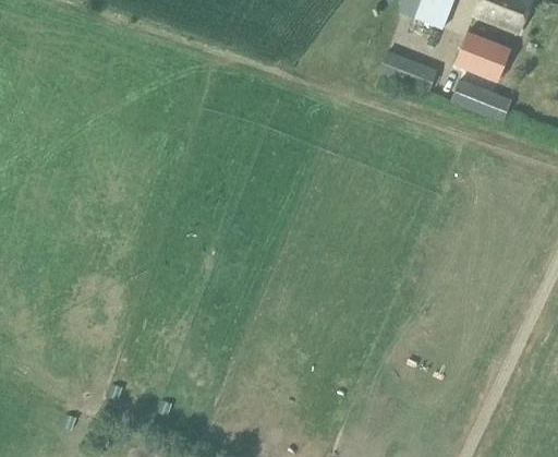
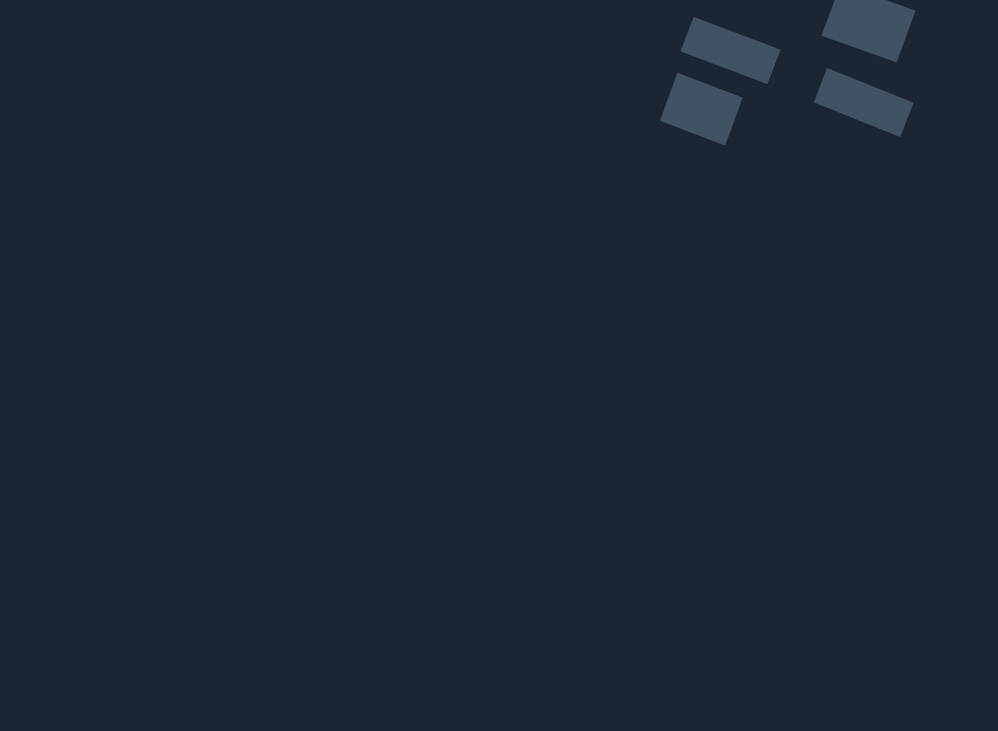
building: none -> [659,72,744,146]

